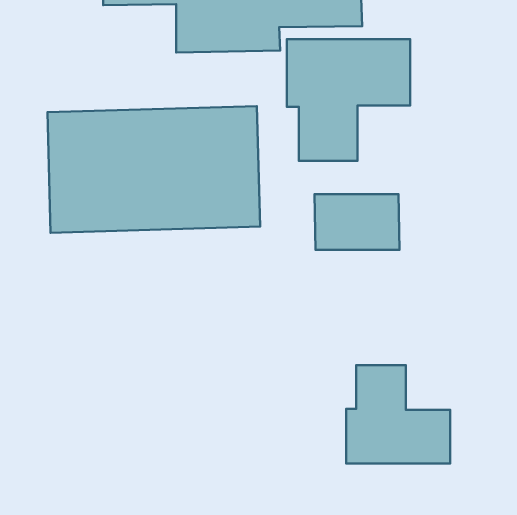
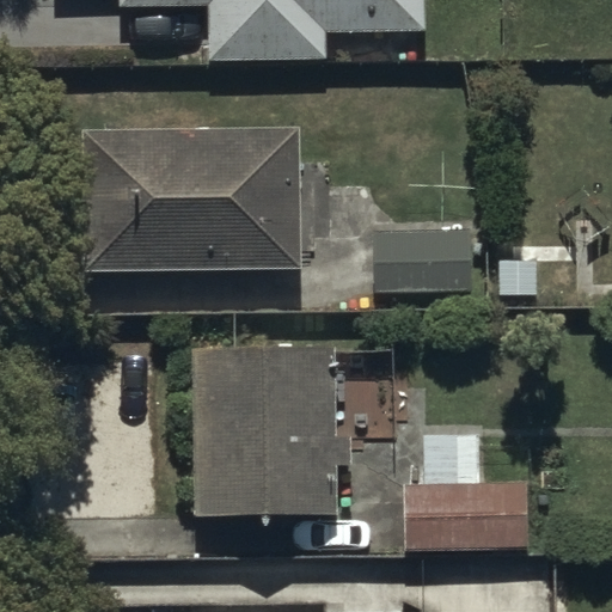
building: [287,39,410,161] -> none
building: none -> [192,343,351,516]

